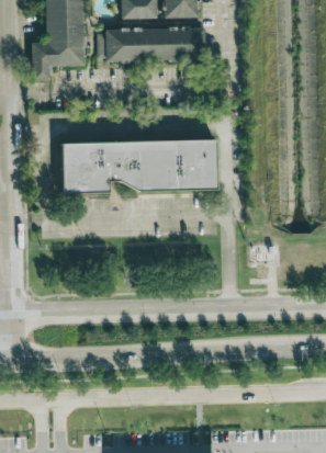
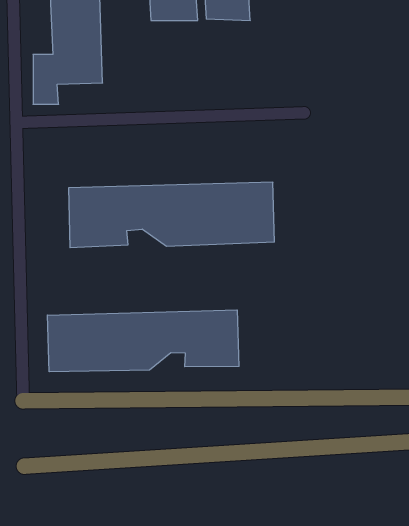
building: [103,30,204,61] -> none
building: none -> [47,310,239,372]

